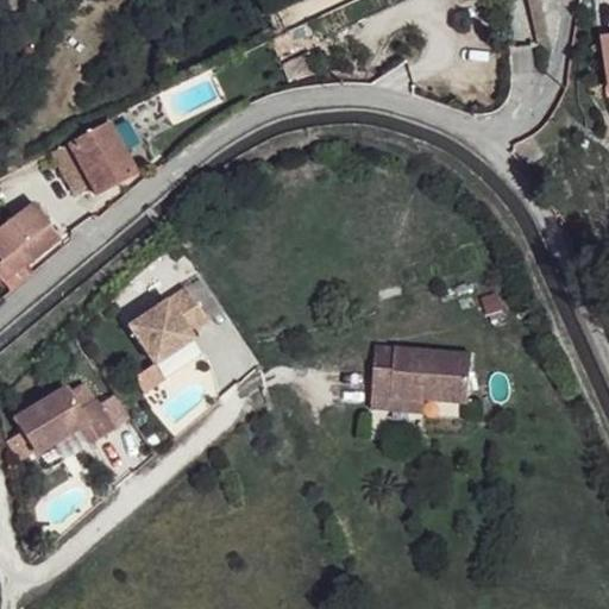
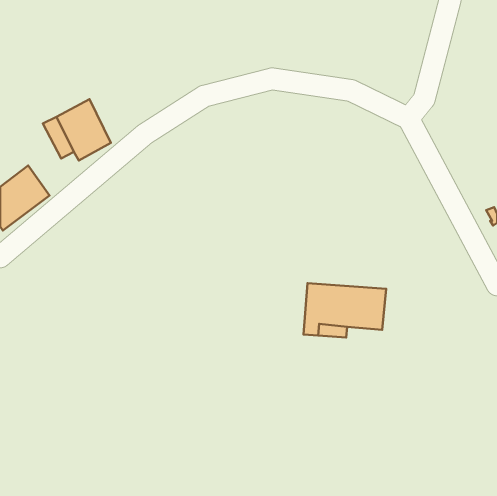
building: [127,283,208,360] -> none
building: [12,383,111,450] -> none

